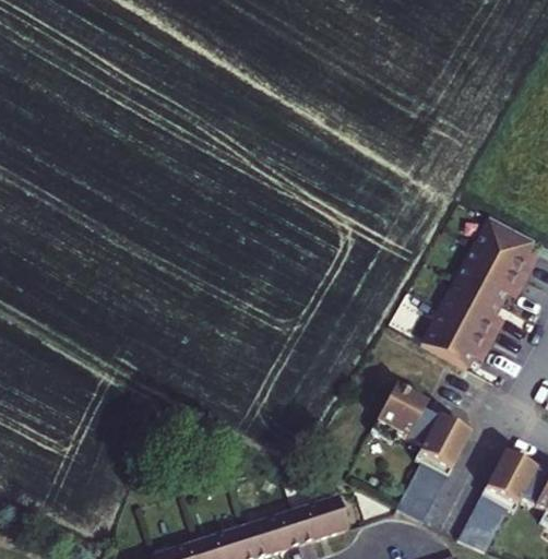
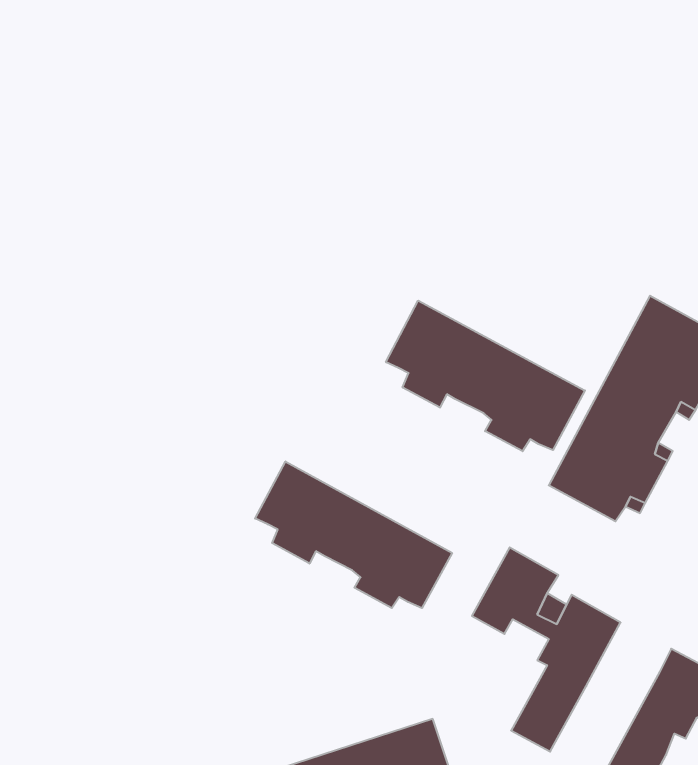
building: none -> [386,301,585,451]
building: none -> [255,461,452,608]

